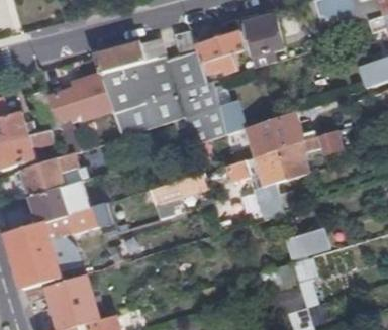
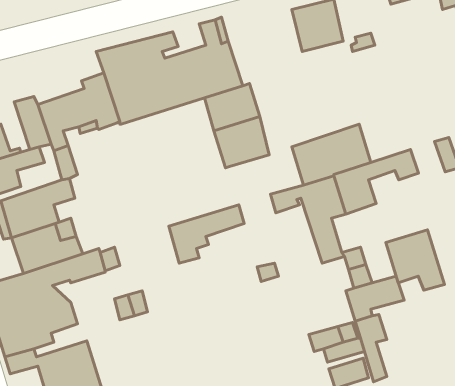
building: [196,31,244,73] -> none
building: [112,91,183,136] -> none
building: none -> [386,230,445,290]

